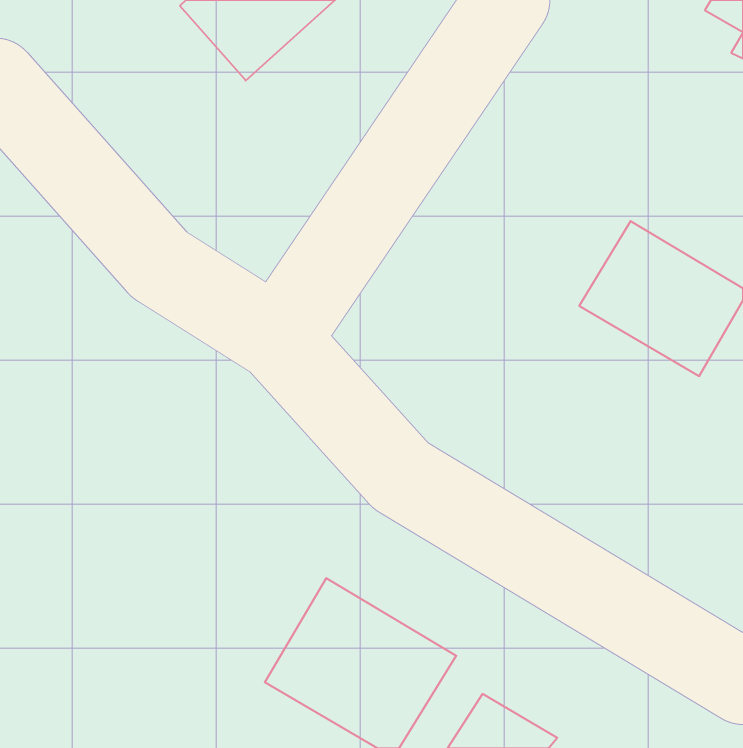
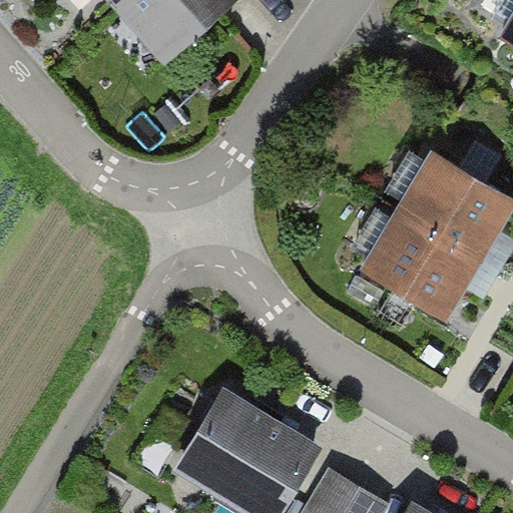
building: none -> [363,209,479,316]

